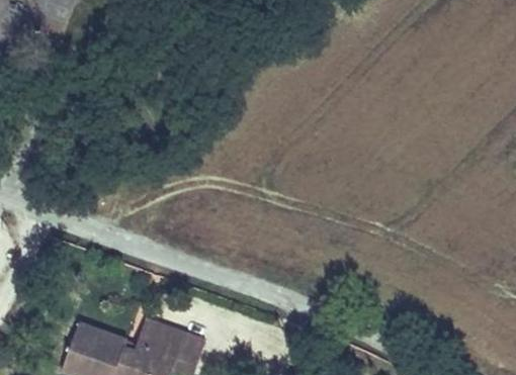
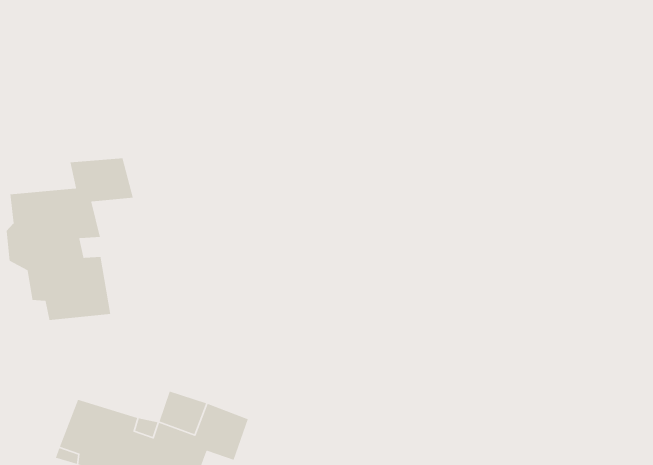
building: none -> [6,158,134,321]

